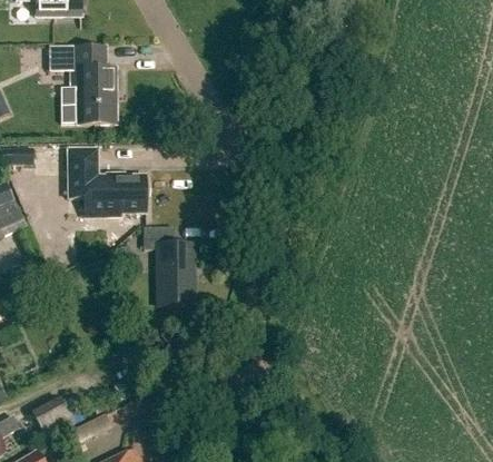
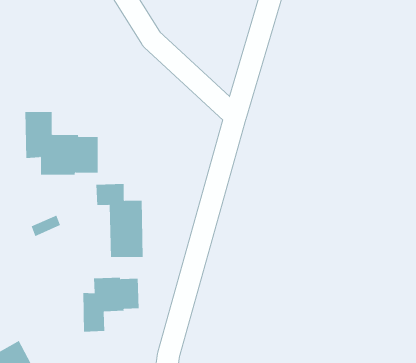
building: [50,45,117,122] -> none
building: none -> [83,277,139,332]

